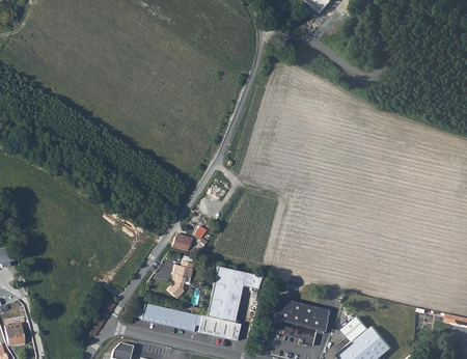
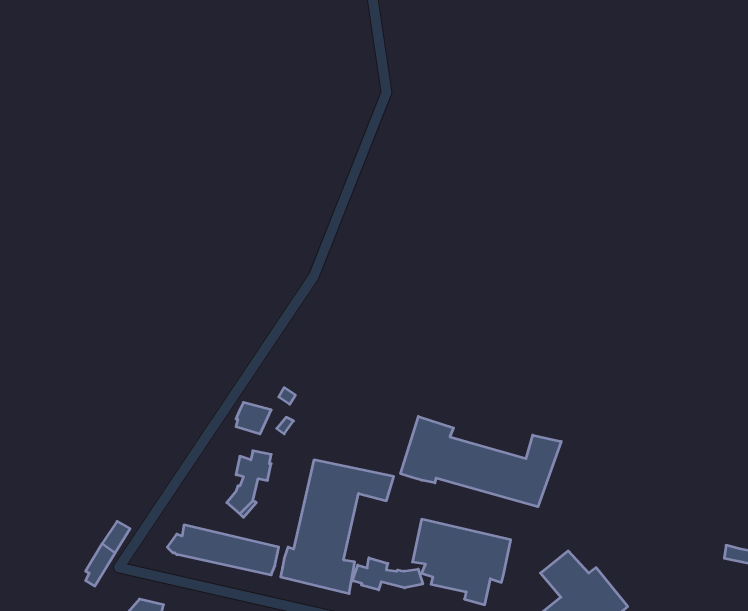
building: none -> [401,416,561,507]
building: none -> [353,558,423,590]

